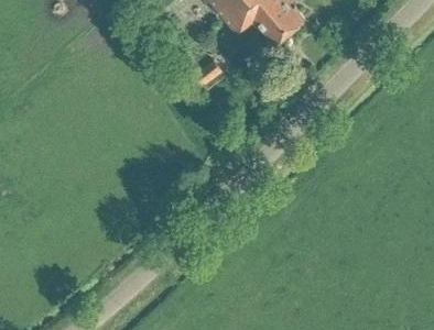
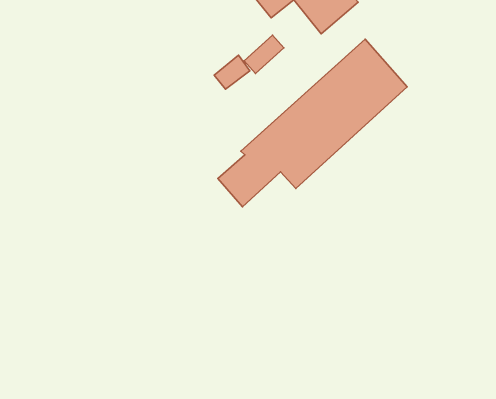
building: none -> [218,39,407,207]

